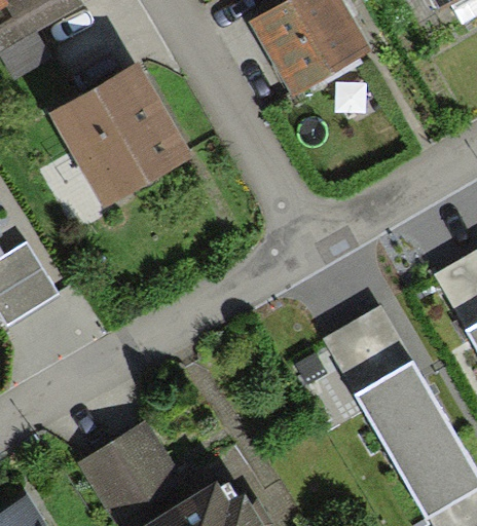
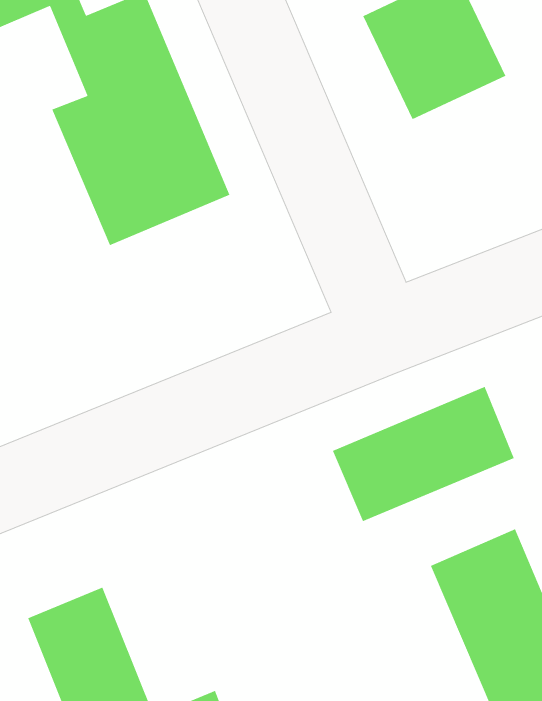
building: none -> [332,386,515,522]

